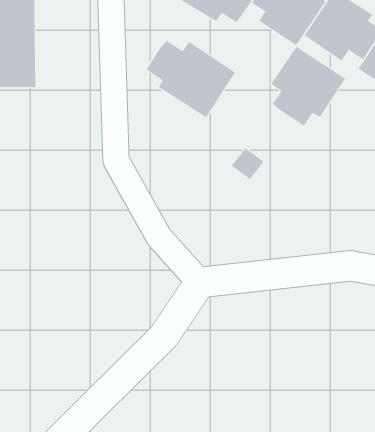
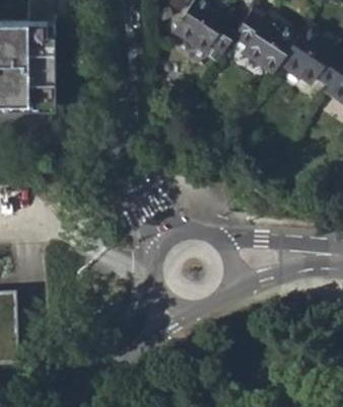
building: [146,40,236,118] -> none
building: [271,46,346,126] -> none

